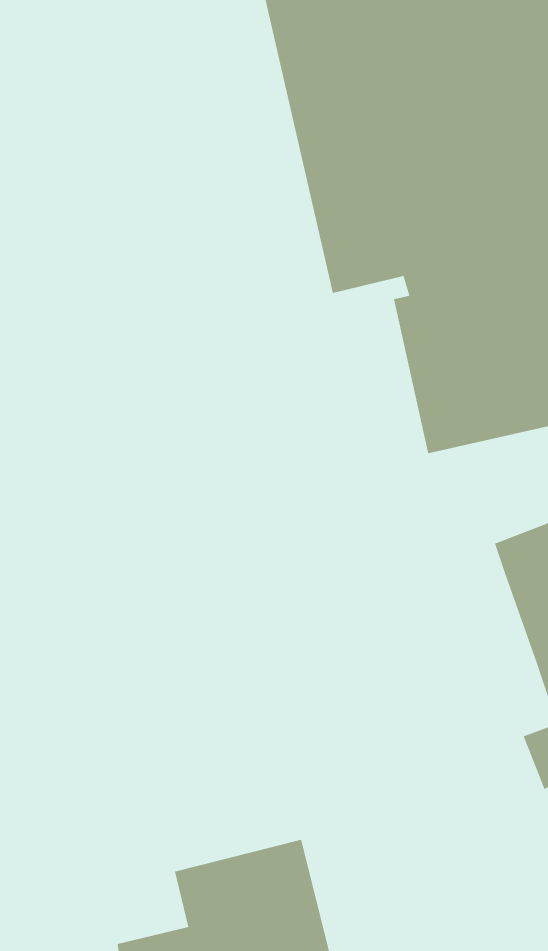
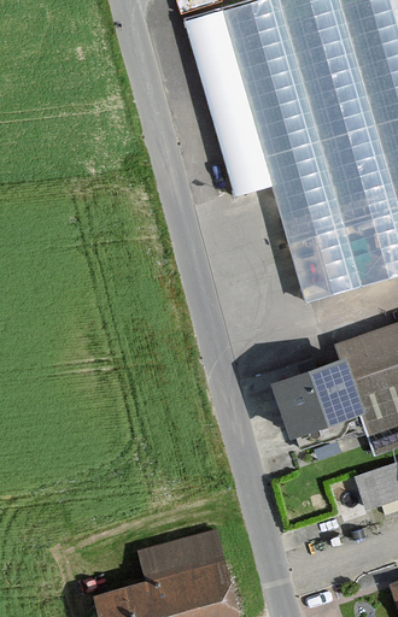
building: none -> [275,365,363,445]

